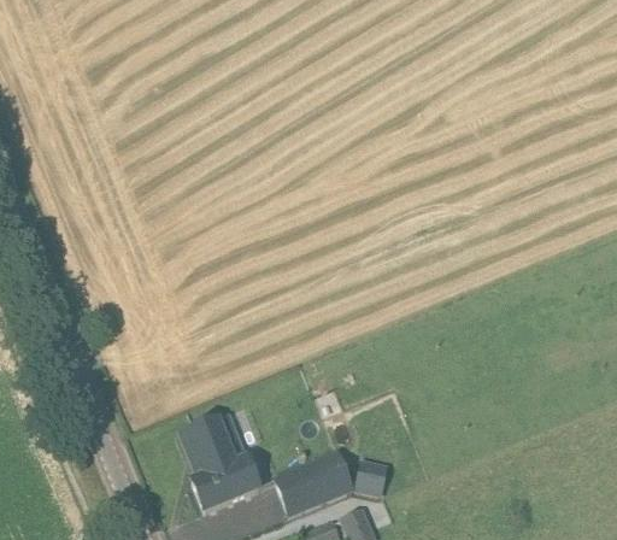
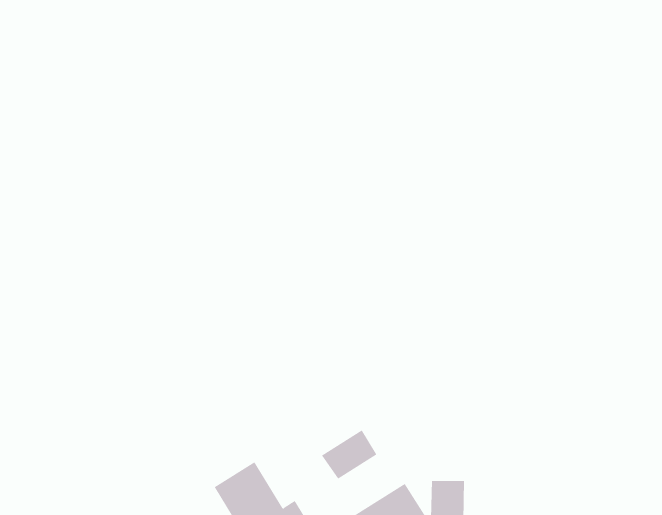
building: none -> [321,430,377,479]

